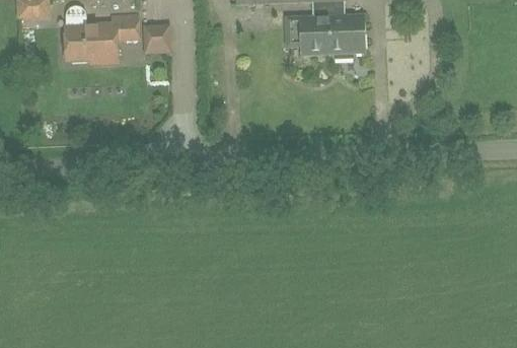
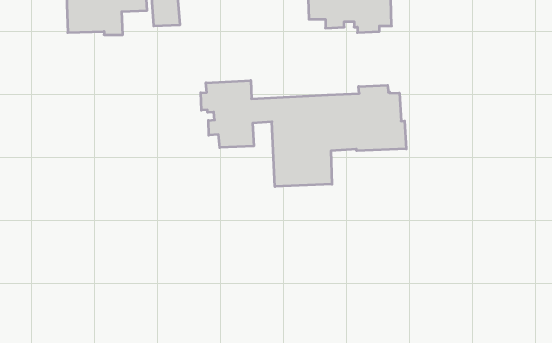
building: none -> [201,80,406,187]

